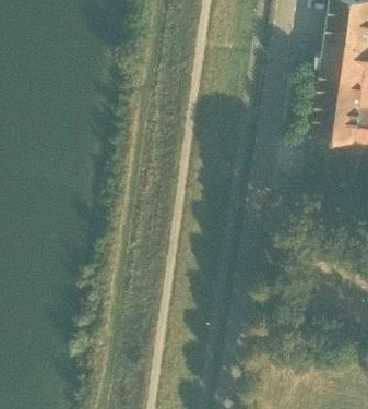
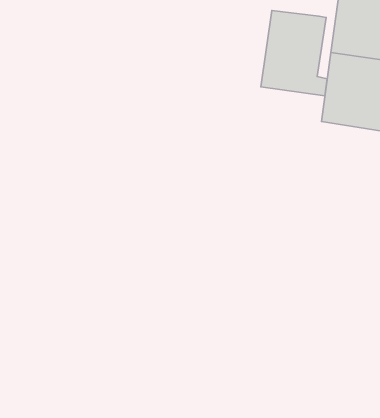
building: none -> [261,11,327,96]

